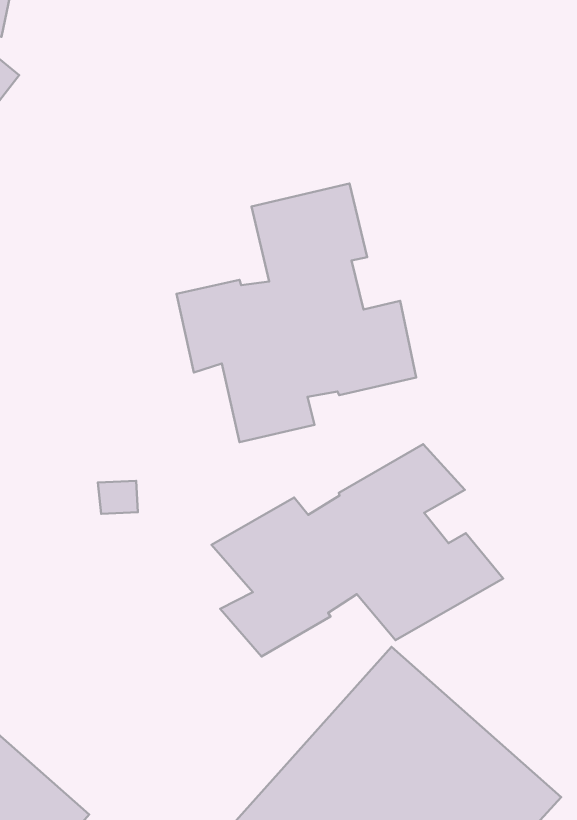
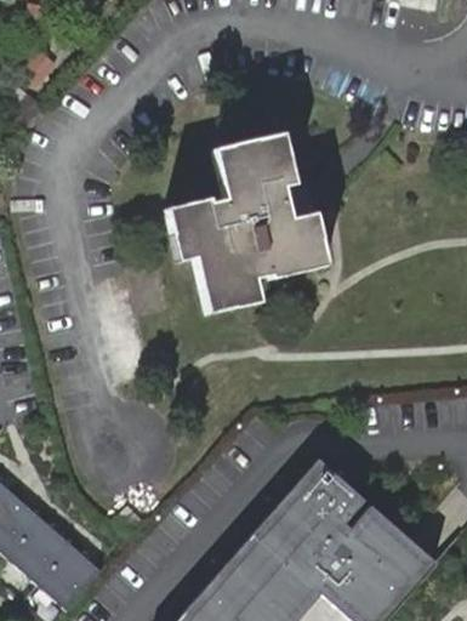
building: [211,444,503,656] -> none

